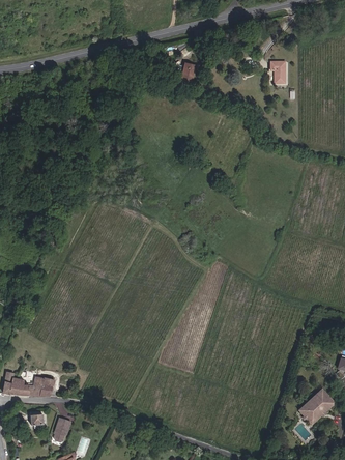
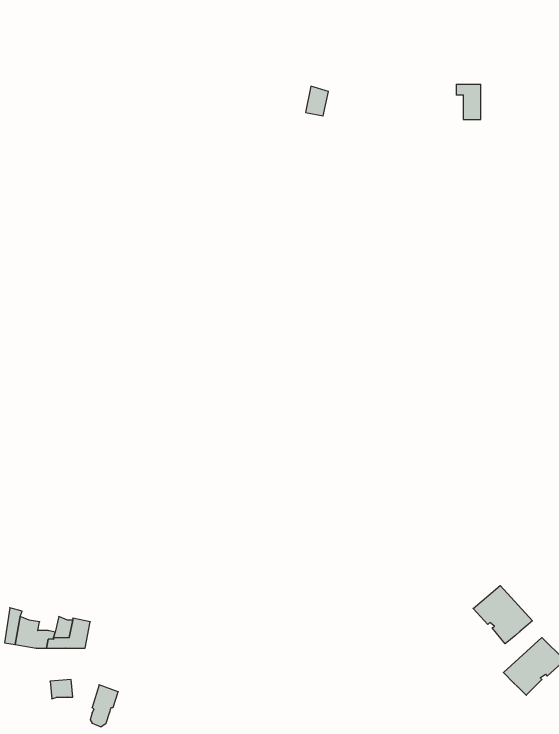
building: none -> [473,586,532,644]

